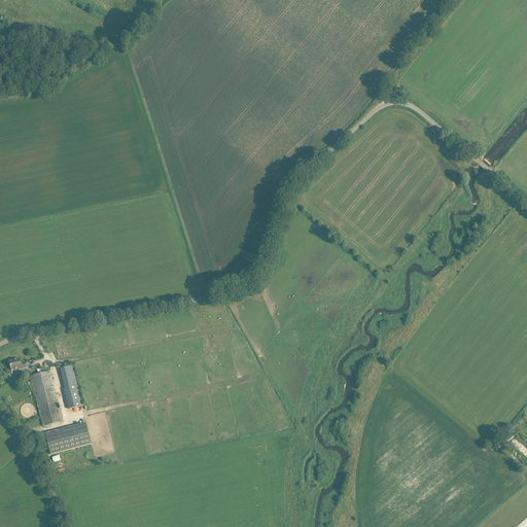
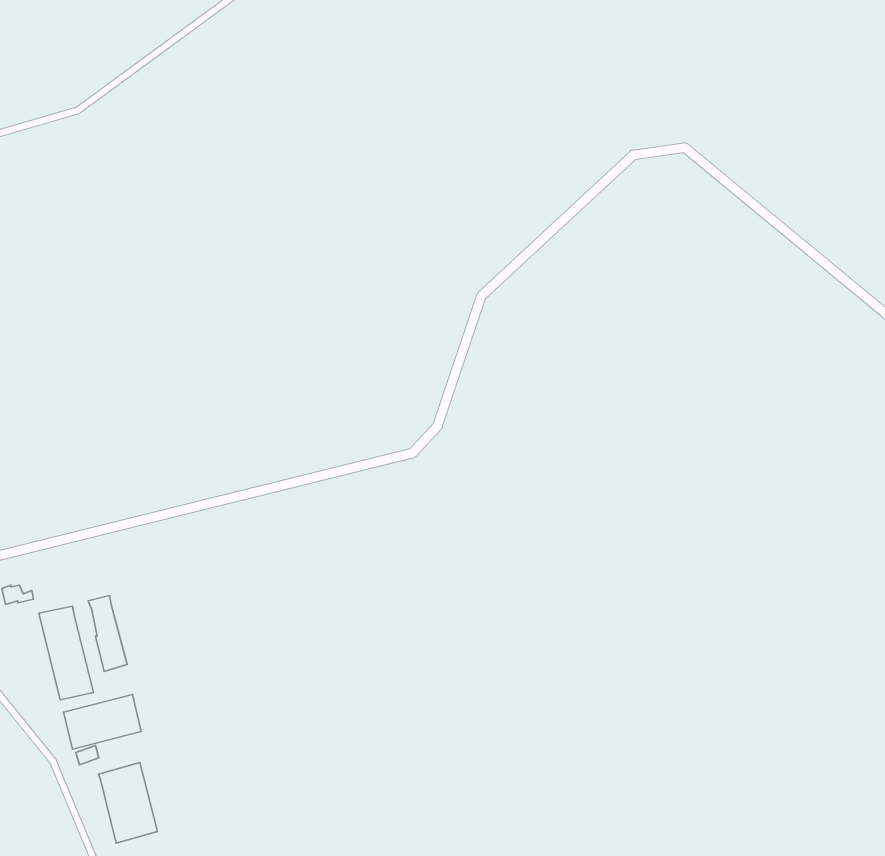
building: none -> [99,763,158,843]

